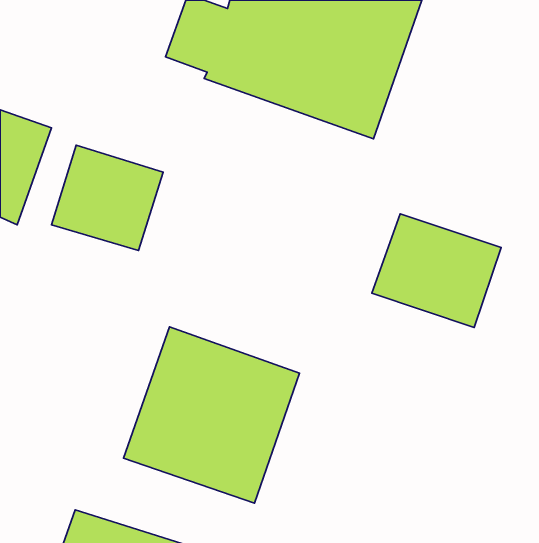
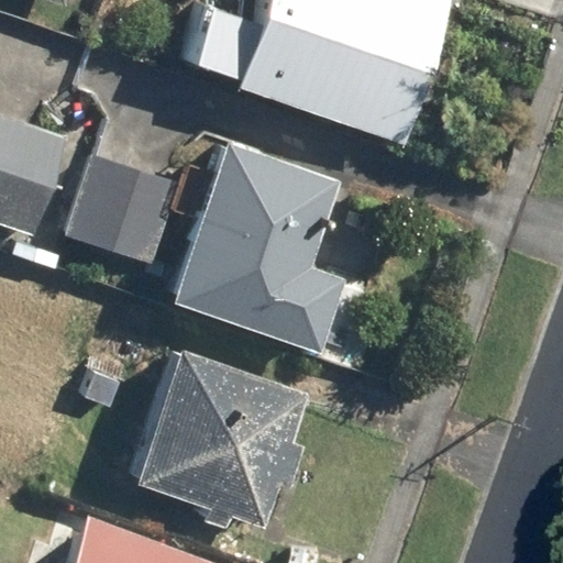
building: none -> [174,140,353,352]
building: [372,214,501,328] -> none

